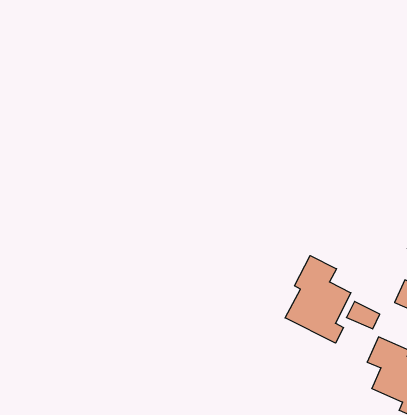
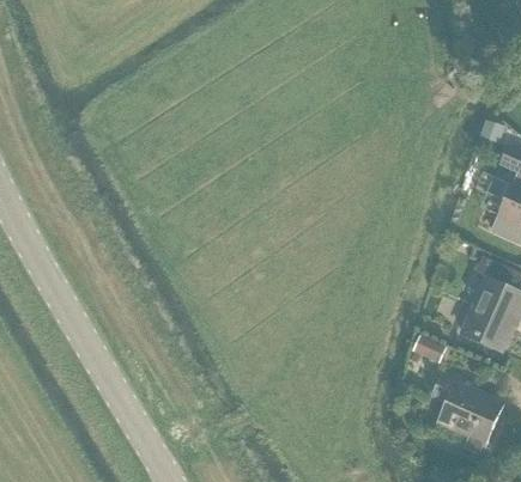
building: [285,256,351,343] -> none

